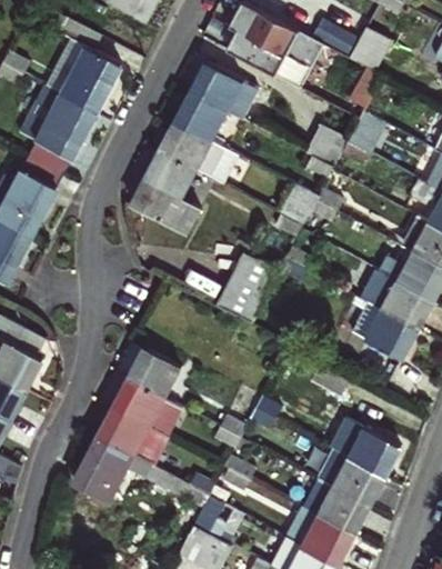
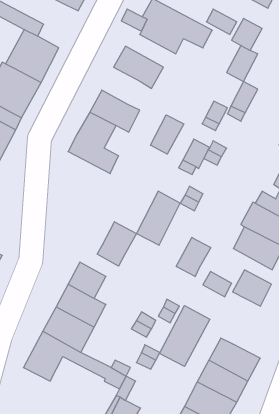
building: [177,92,228,141] -> none
building: none -> [150,115,184,154]
building: none -> [97,222,136,266]
building: none -> [176,237,211,277]
building: none -> [159,306,210,366]
building: [349,428,400,476] -> [233,270,271,306]

